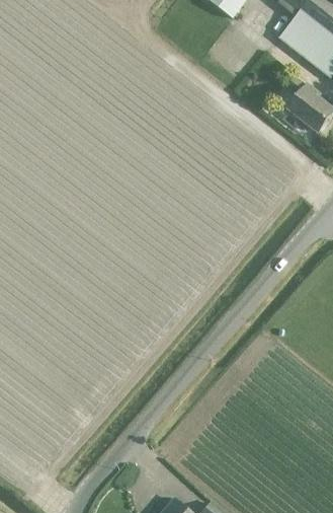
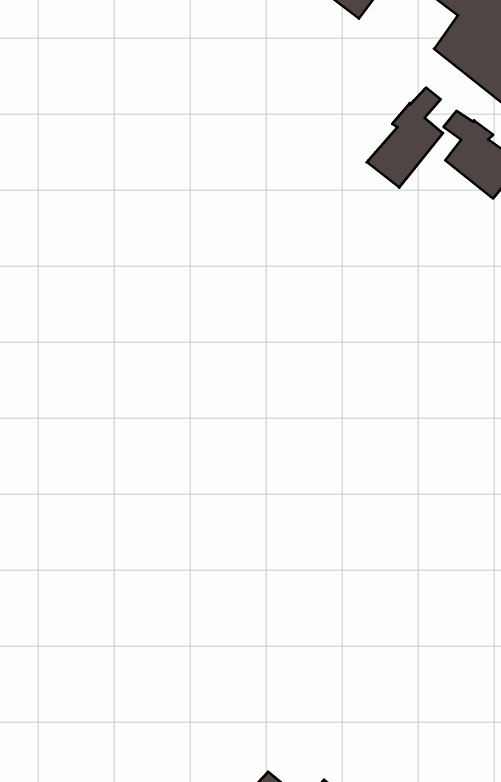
building: none -> [367,88,443,188]

